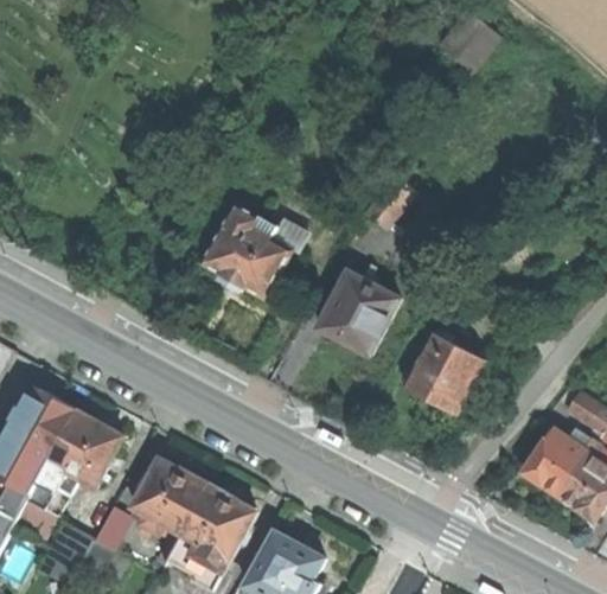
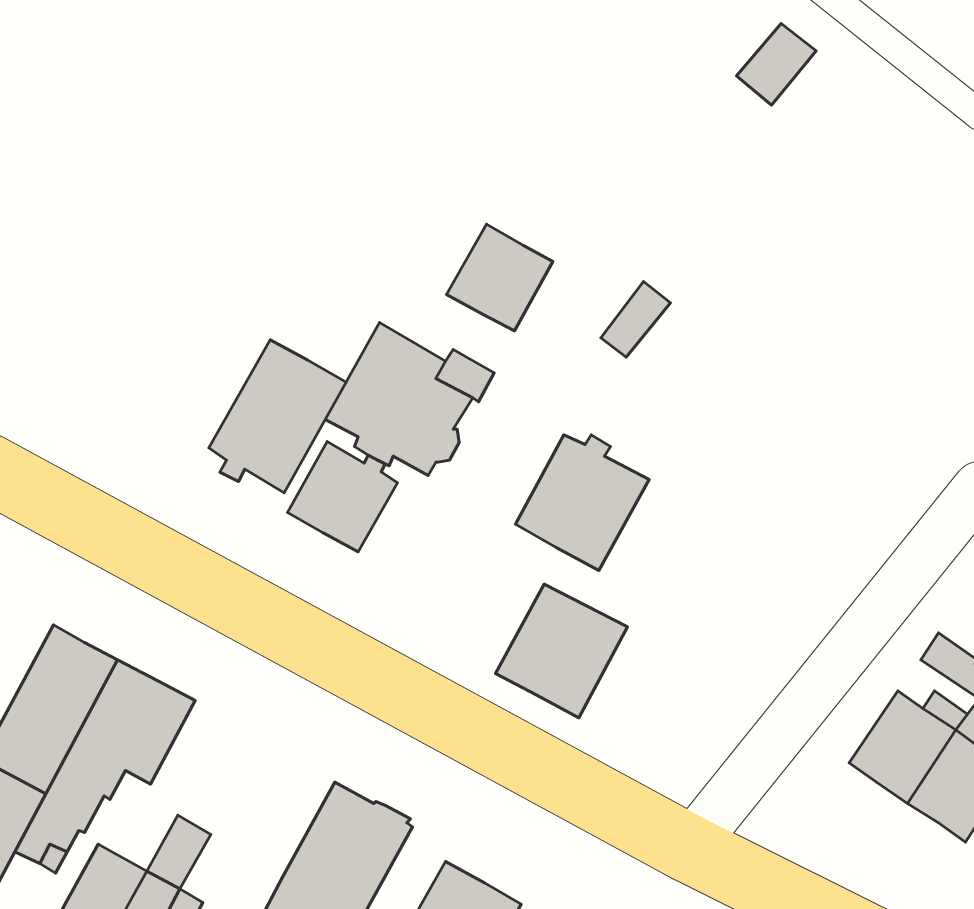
building: none -> [446,224,553,331]
building: none -> [209,340,346,493]
building: none -> [287,441,398,552]
building: [402,332,483,414] -> [496,584,627,718]
building: [132,455,206,541] -> none

